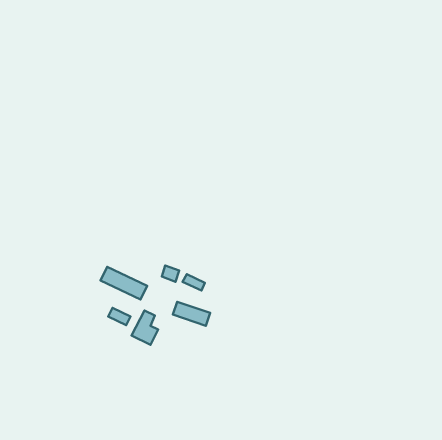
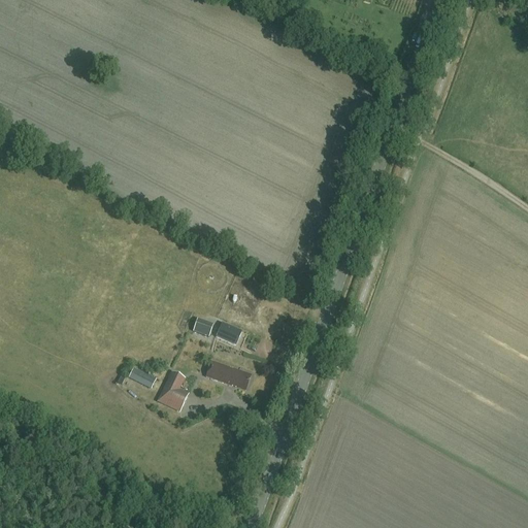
building: [101,267,147,299] -> none

